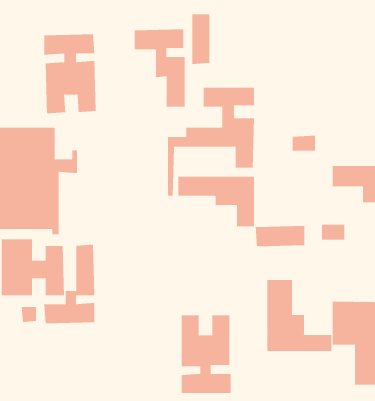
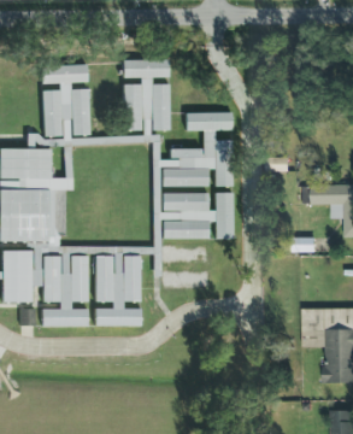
building: [192,14,210,65] -> [124,84,141,130]
building: none -> [163,168,208,186]
building: [255,225,305,247] -> [163,219,208,239]
building: [267,279,332,352] -> none
building: [181,315,231,393] -> [95,254,141,326]

